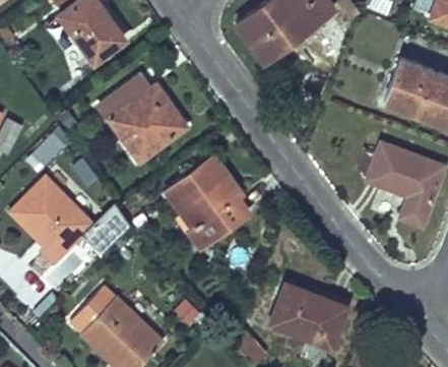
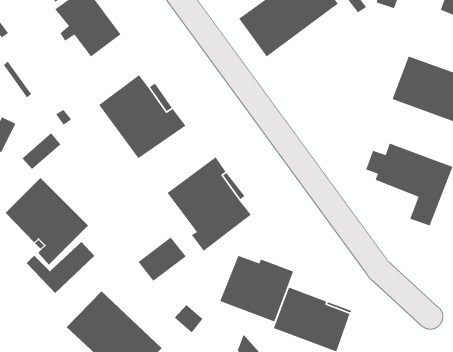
building: [83,207,131,251] -> [137,237,187,282]
building: none -> [219,255,294,323]

